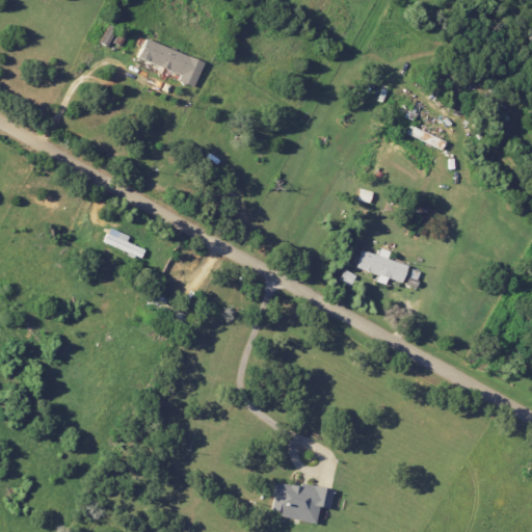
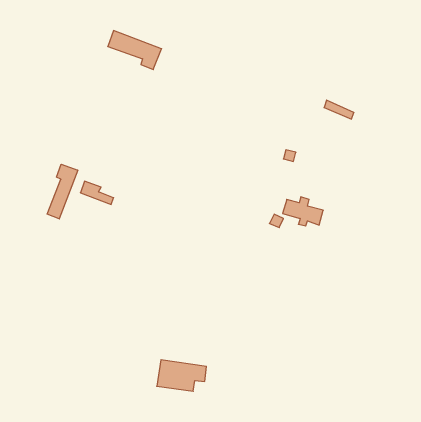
building: none -> [47,164,78,219]
building: [271,482,334,522] -> [157,360,206,391]

